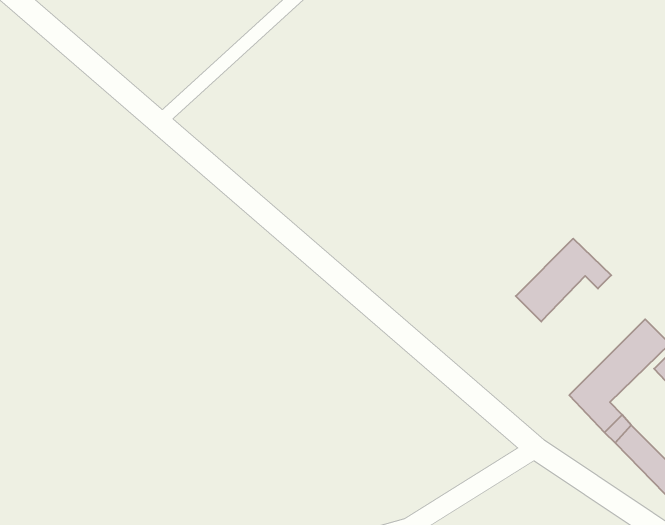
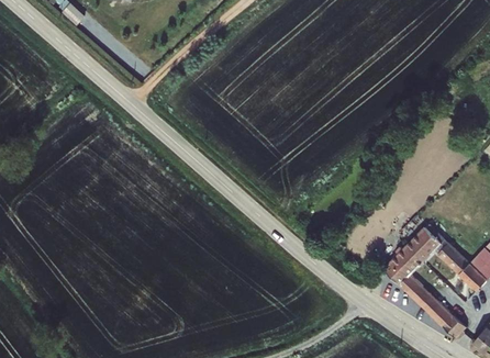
building: [516,239,611,322] -> none

